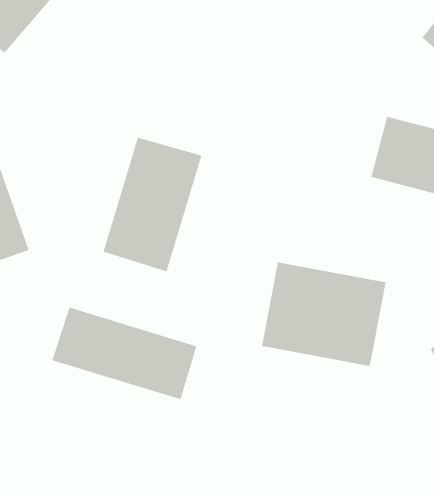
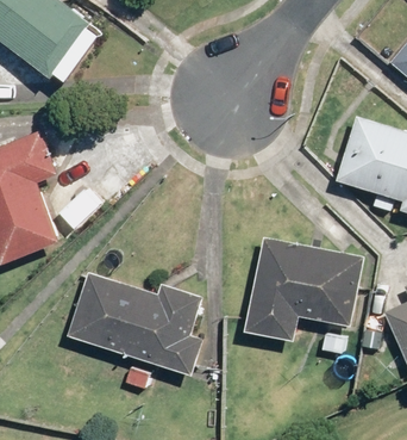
building: [103,137,202,272] -> none

